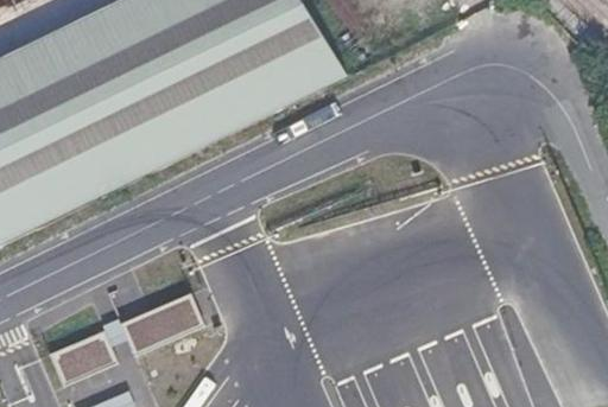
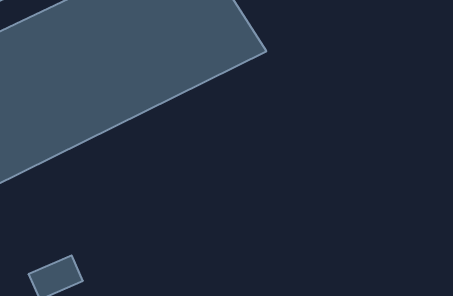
building: [116,292,202,356] -> none

